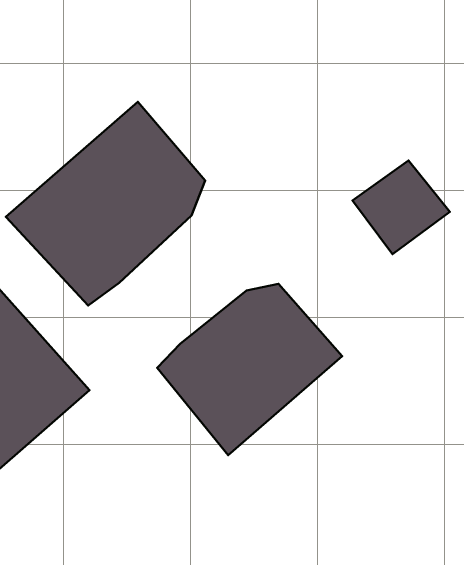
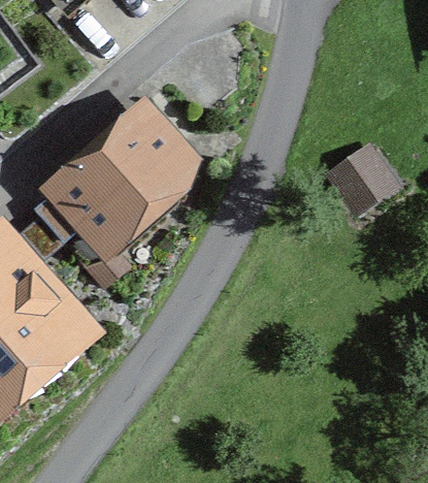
building: [157,284,342,455] -> none

